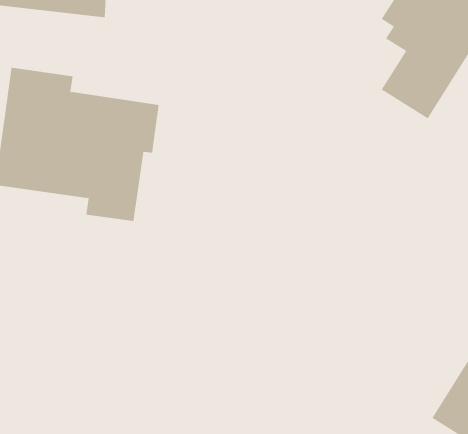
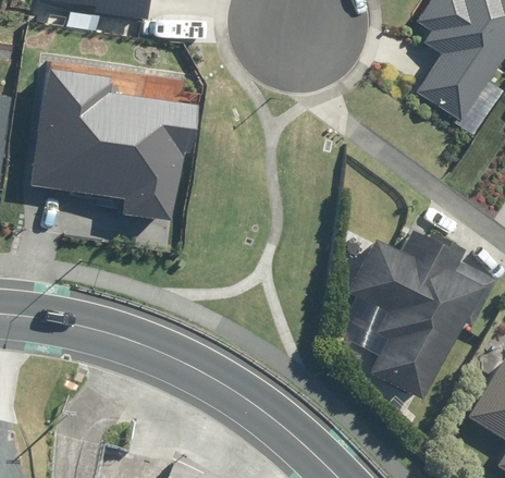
building: none -> [347,219,495,399]

